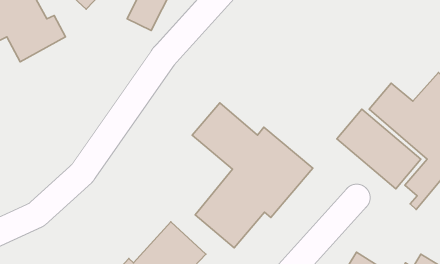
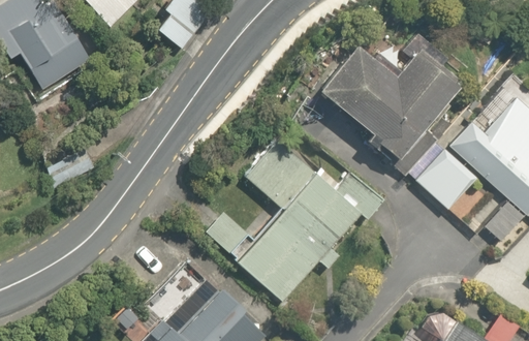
building: none -> [319,45,460,167]

